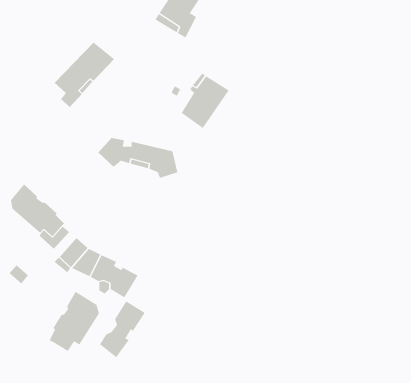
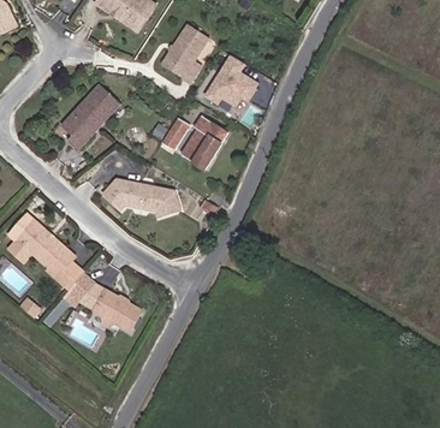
building: none -> [203,52,258,103]
building: [49,291,99,352] -> none
building: [99,301,146,358] -> none

